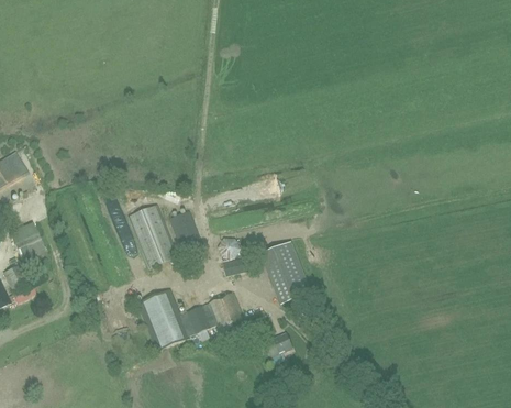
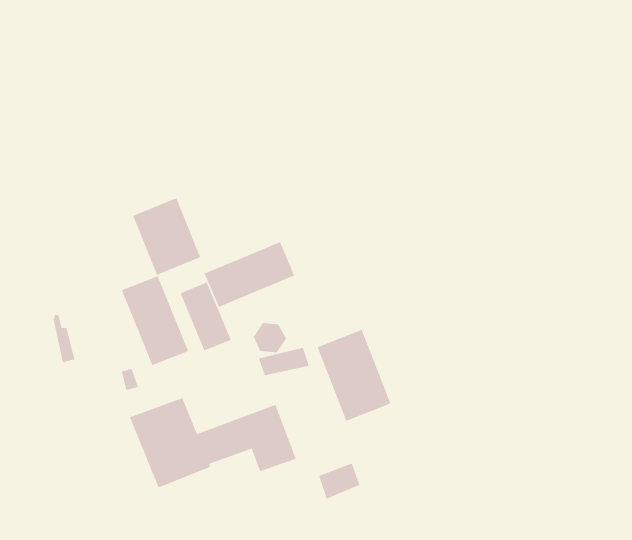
building: none -> [132,197,201,276]
building: none -> [204,241,295,308]

